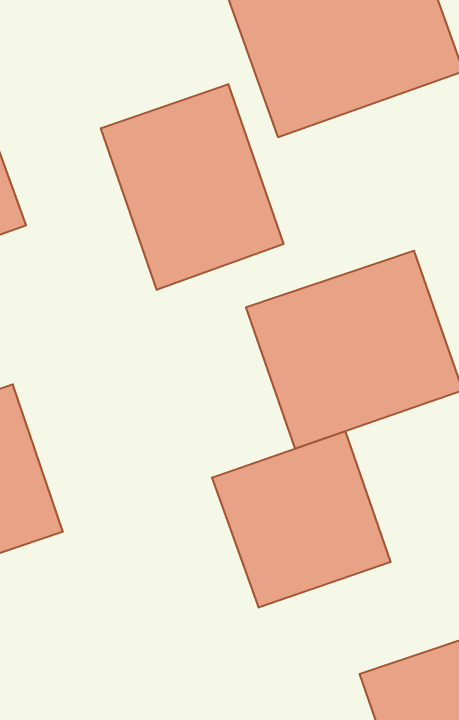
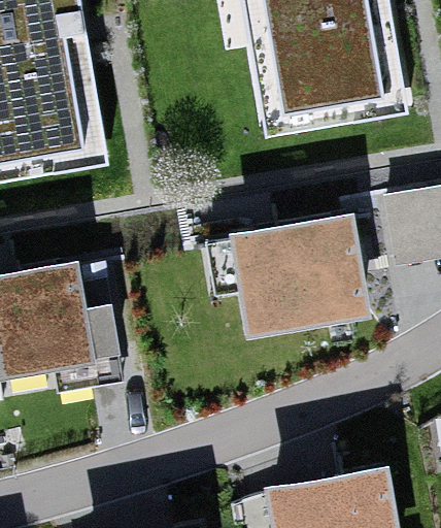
building: [101,84,283,290] -> none
building: [212,431,391,608] -> none

